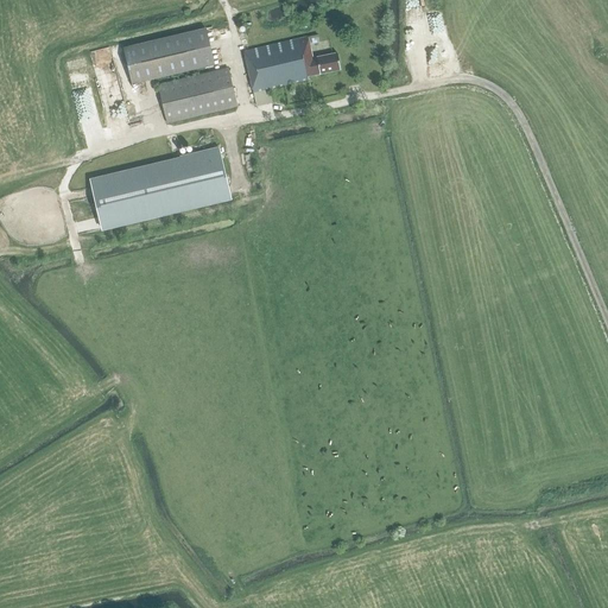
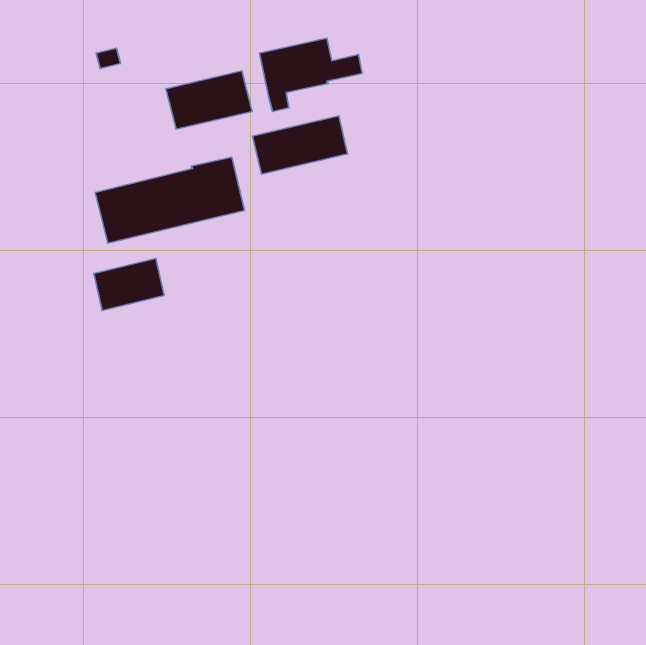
building: [122,27,211,82] -> [253,116,348,174]
building: none -> [94,258,164,310]

